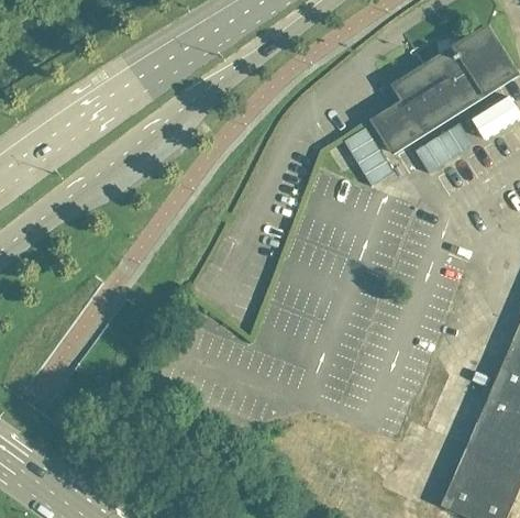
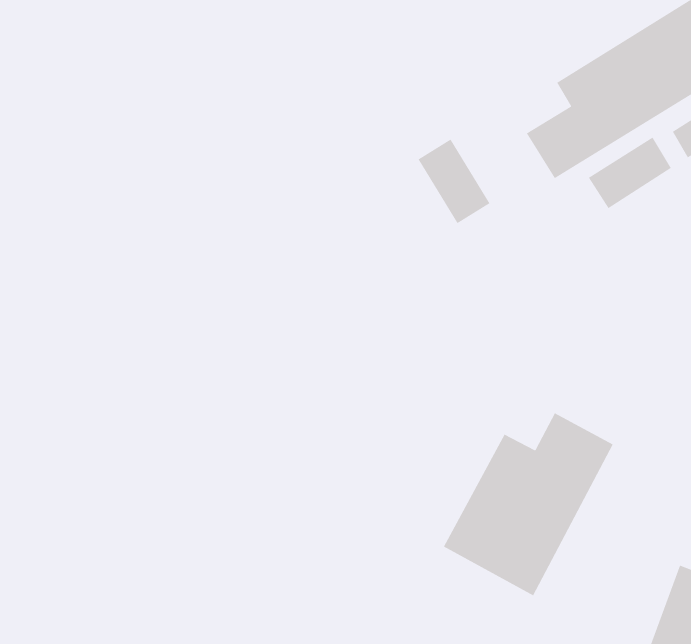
building: [343,124,394,184] -> [418,139,491,224]
building: none -> [443,412,614,596]

